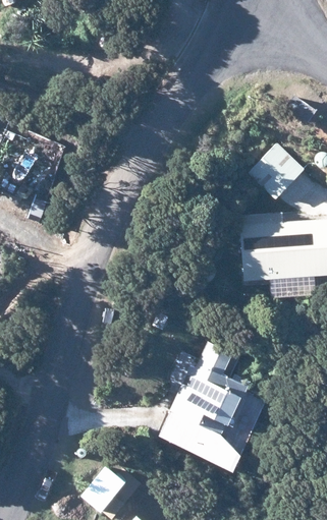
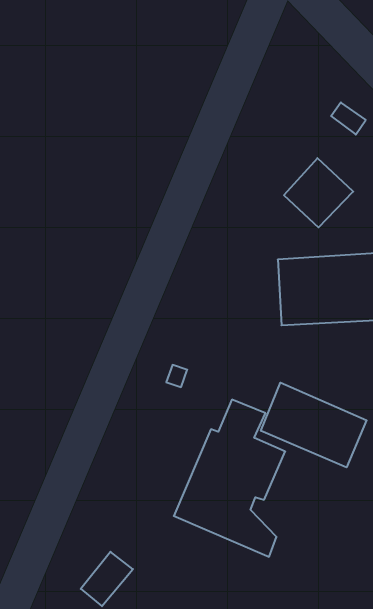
building: none -> [261,383,367,467]

